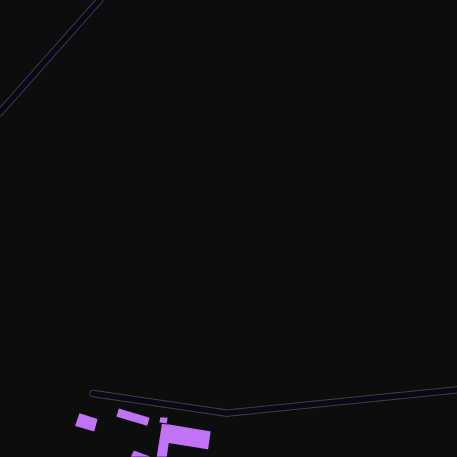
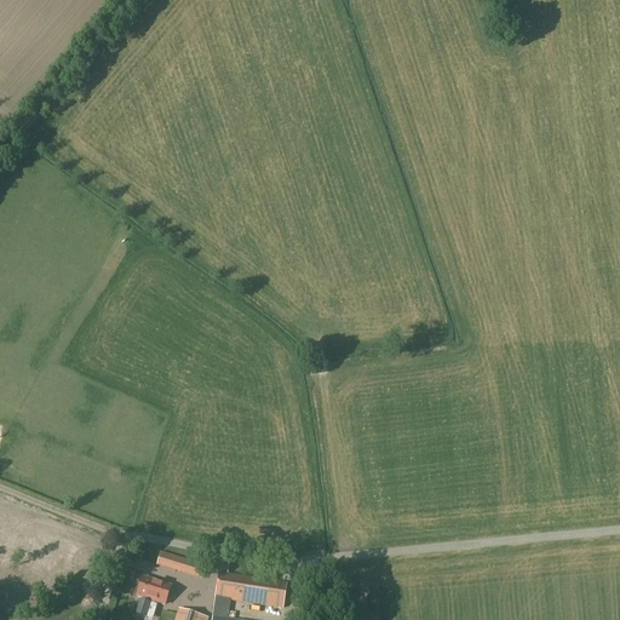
building: [74,413,99,432] -> [136,579,168,605]

